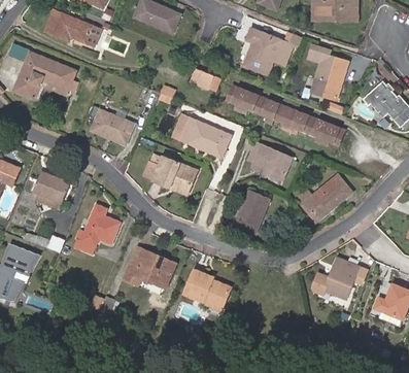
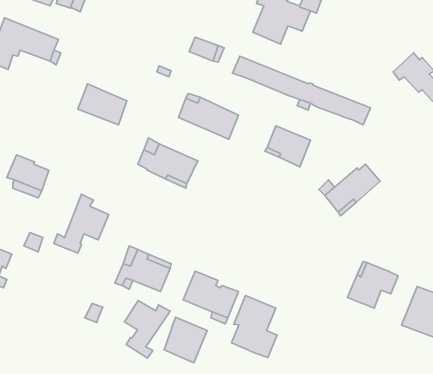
building: [308,43,348,98] -> none
building: [235,193,269,234] -> none
building: none -> [232,296,277,357]
building: none -> [125,300,170,358]
building: none -> [164,317,207,363]

